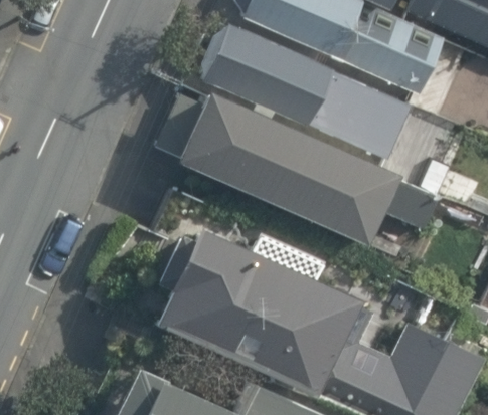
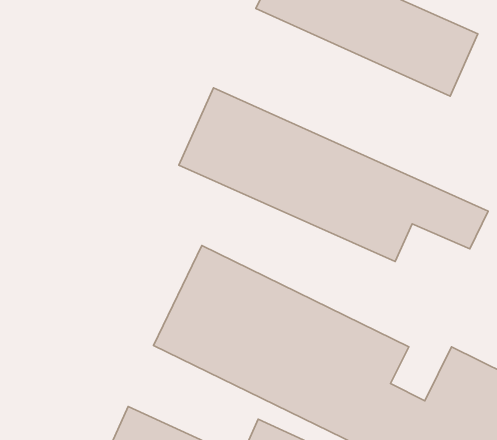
building: [208,28,408,158] -> none

